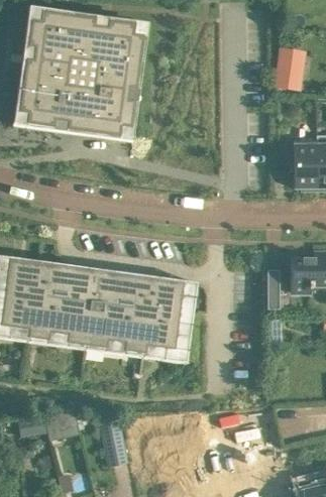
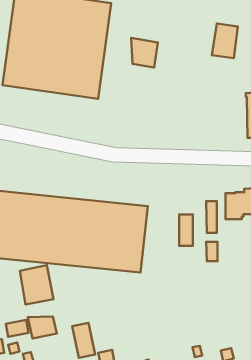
building: none -> [131,38,158,68]
building: [294,140,318,191] -> none
building: none -> [179,214,193,246]
building: none -> [20,265,54,305]

